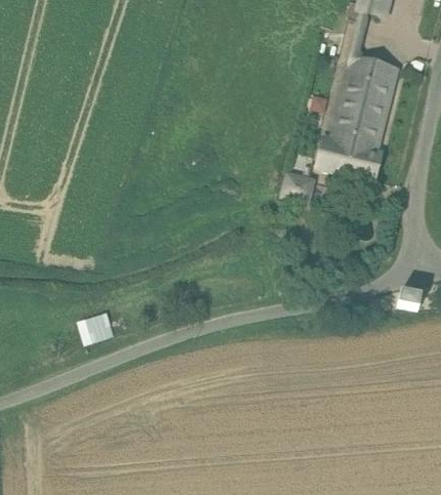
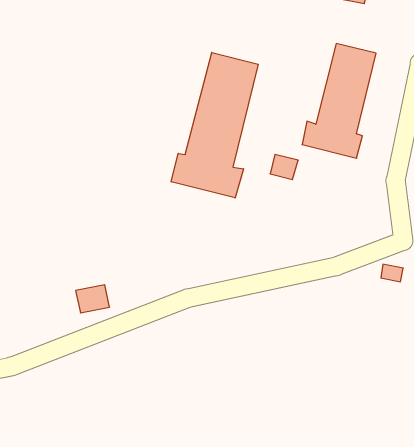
building: none -> [171,52,258,198]

